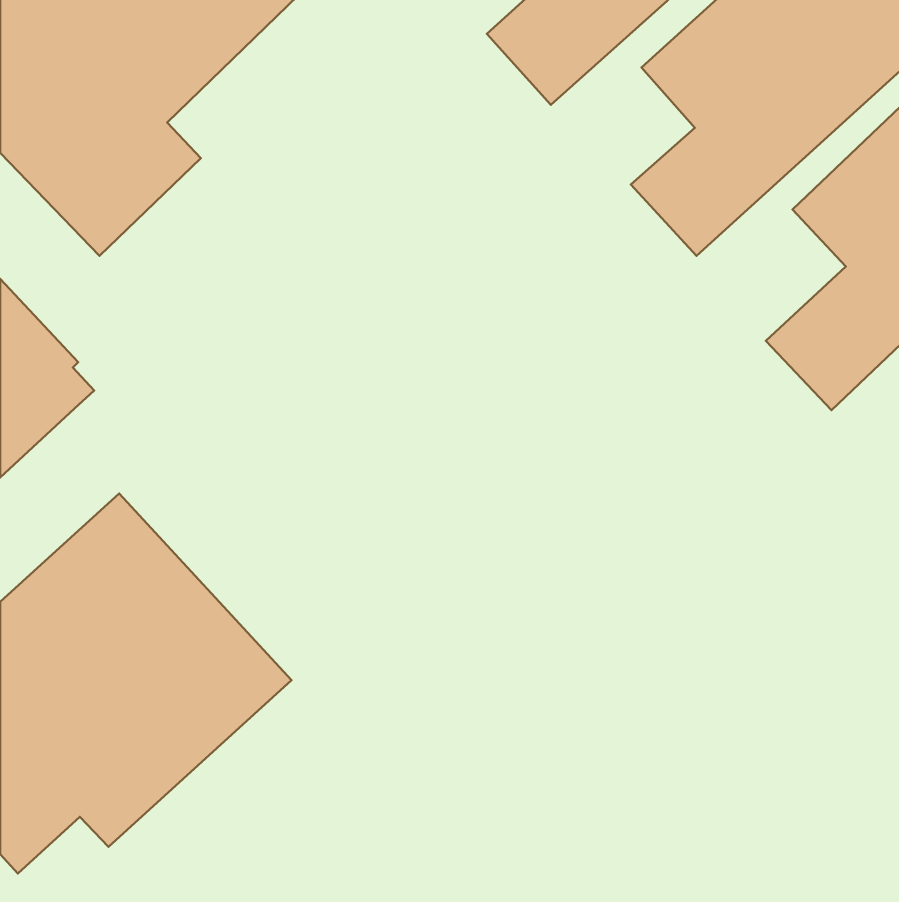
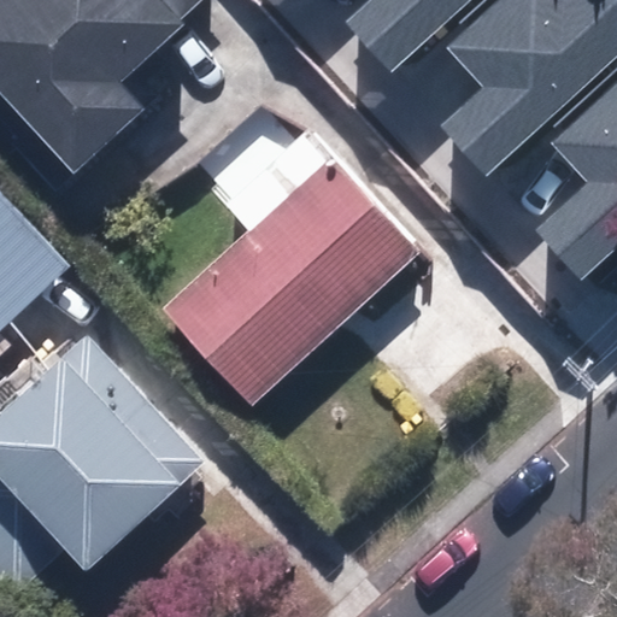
building: none -> [164,157,419,405]

